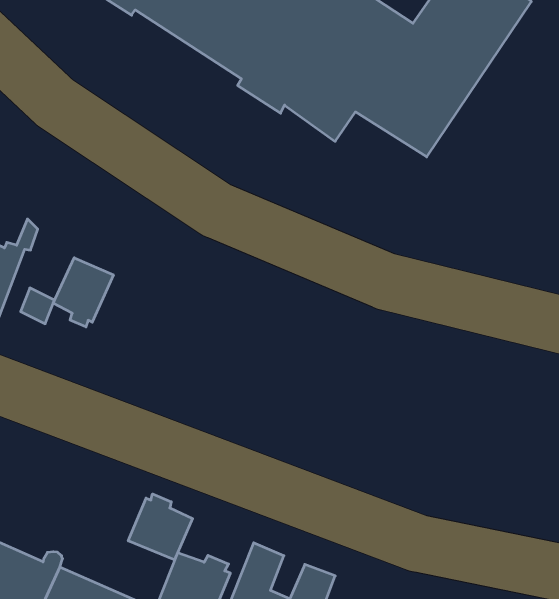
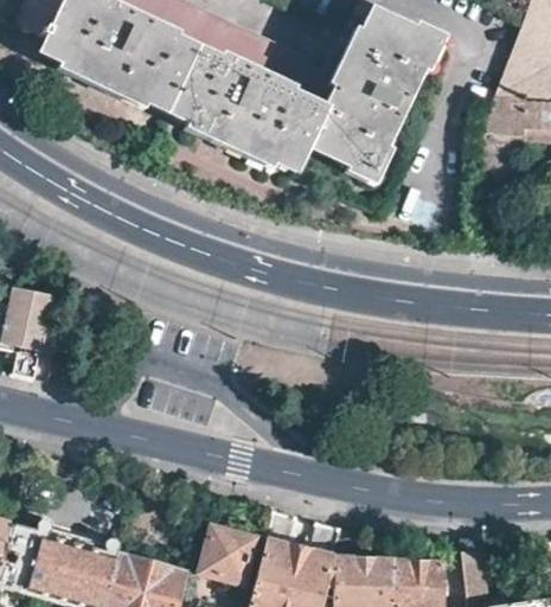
building: [53,258,113,327] -> none
building: [128,494,193,560] -> none

